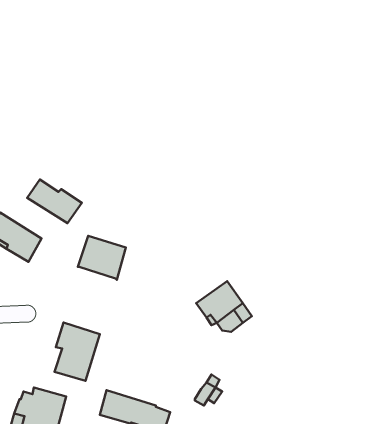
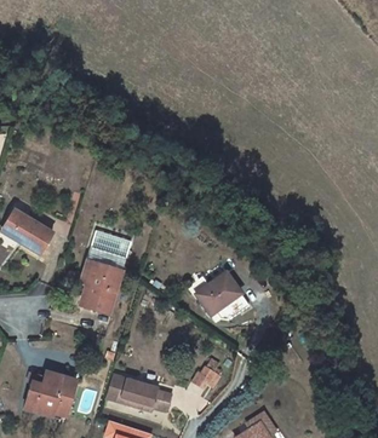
building: [27,180,82,223] -> none
building: [54,322,100,381] -> [79,259,121,313]

